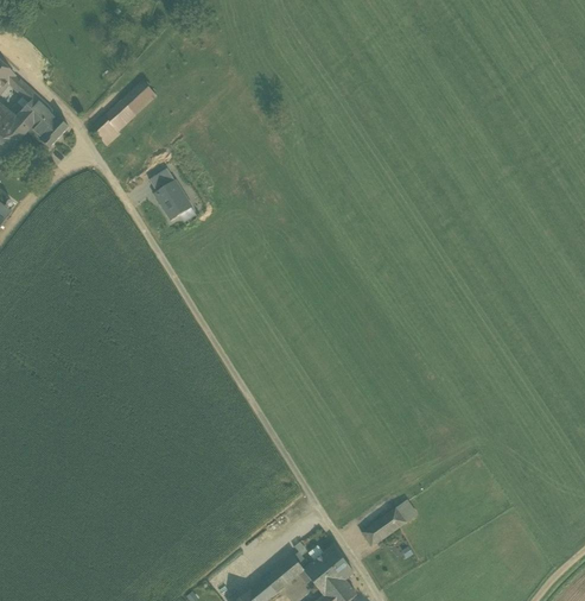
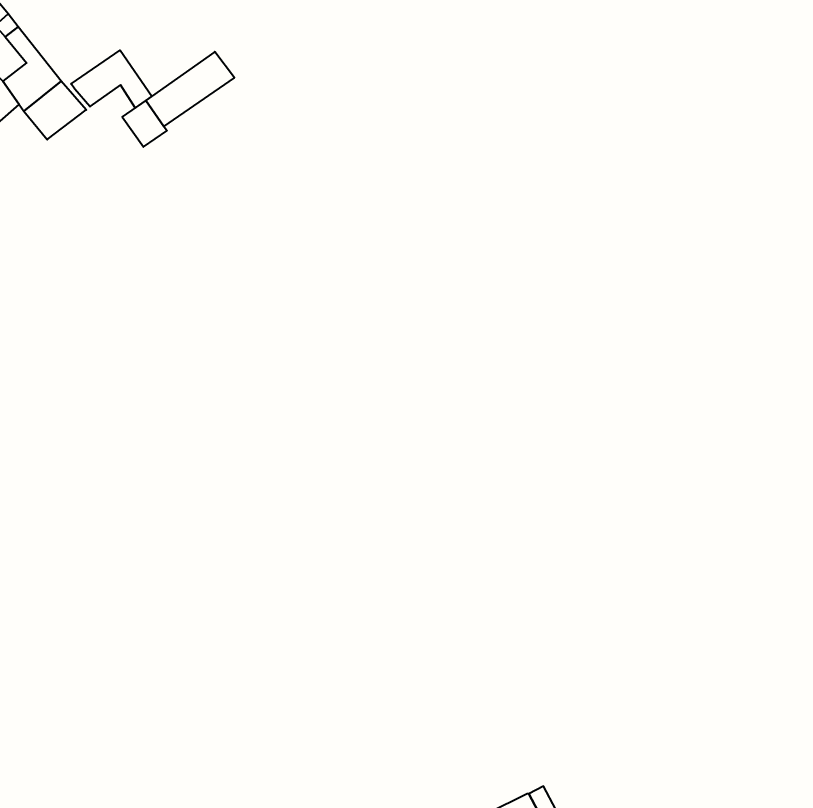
building: none -> [71,50,152,108]
building: [150,169,195,224] -> none

